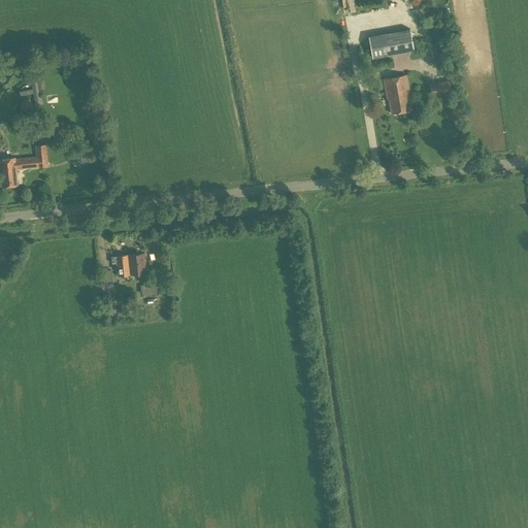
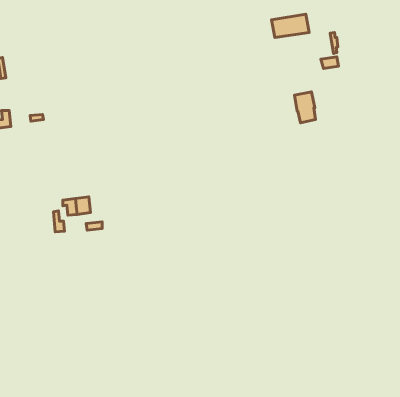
building: [384,76,409,114] -> [295,92,316,123]

